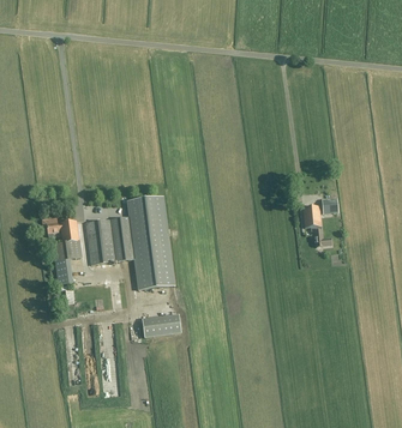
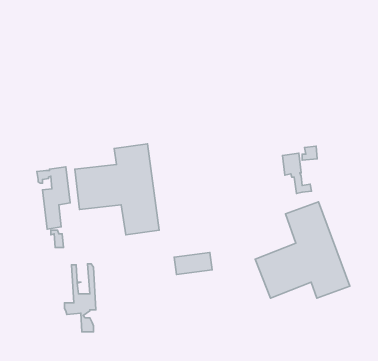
building: none -> [255,202,350,298]
building: [140,313,180,336] -> [174,253,212,275]

